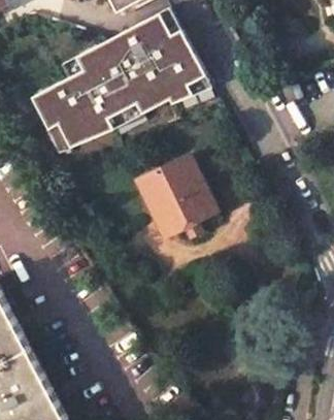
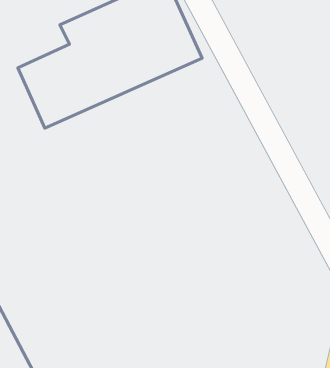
building: [138,157,216,238] -> none

